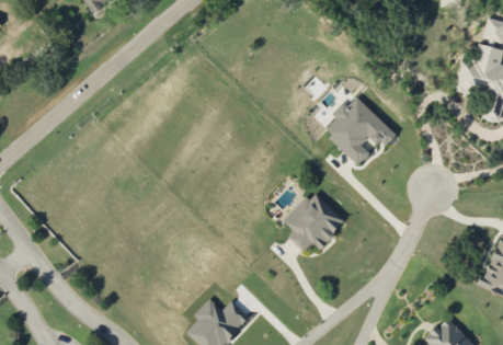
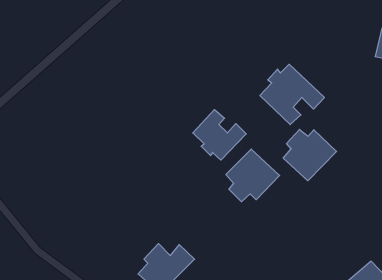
building: none -> [193,110,246,160]
building: none -> [283,129,337,181]

